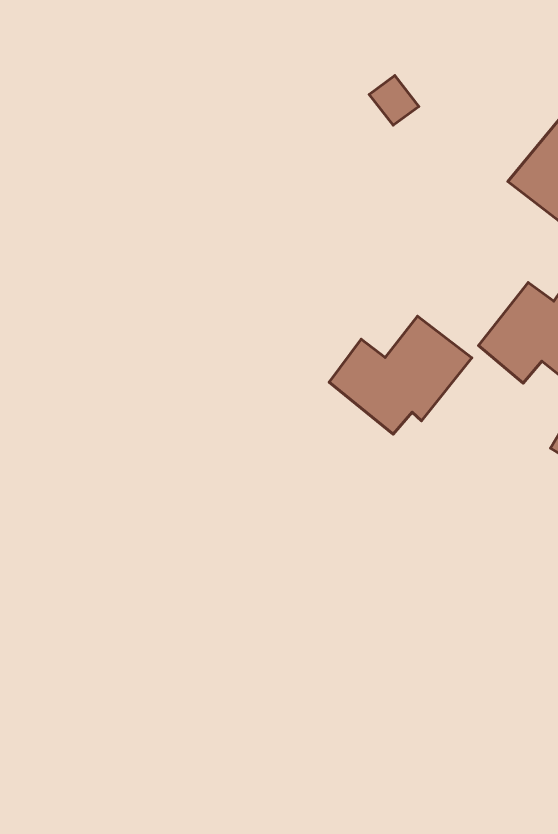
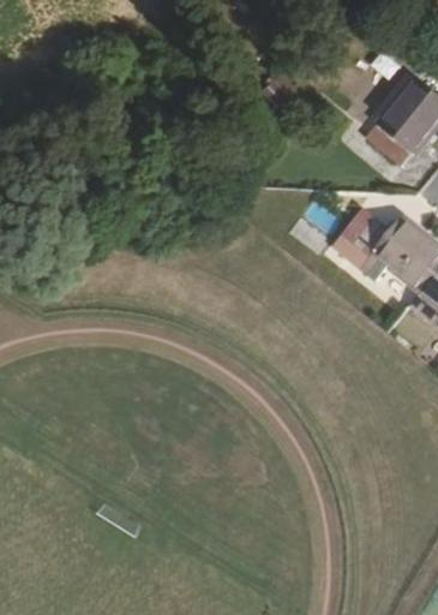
building: [329,316,472,434] -> none

